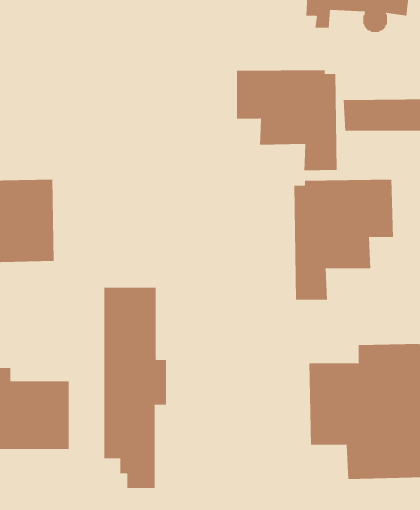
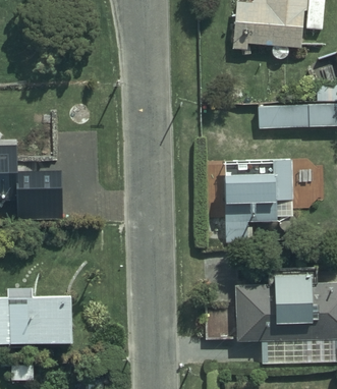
building: [236,70,337,171] -> none
building: [104,287,167,489] -> none

